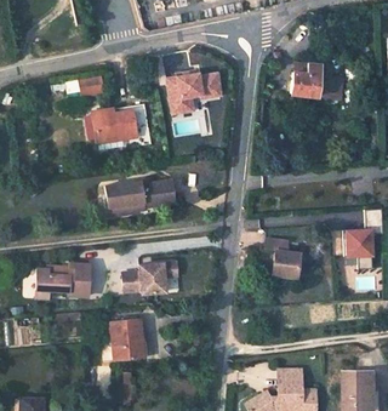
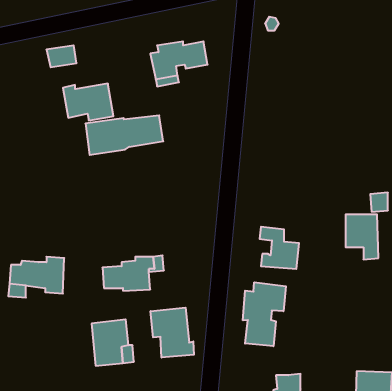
building: [292,59,336,95] -> none
building: [107,181,176,216] -> [85,115,163,155]
building: none -> [243,282,286,346]
building: none -> [151,308,194,358]

